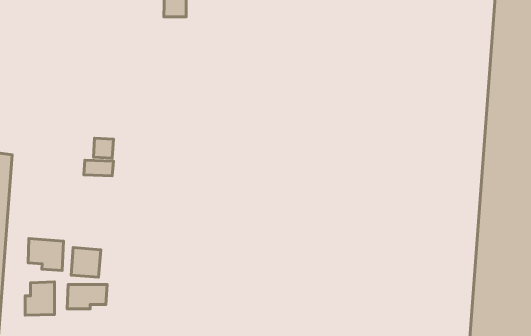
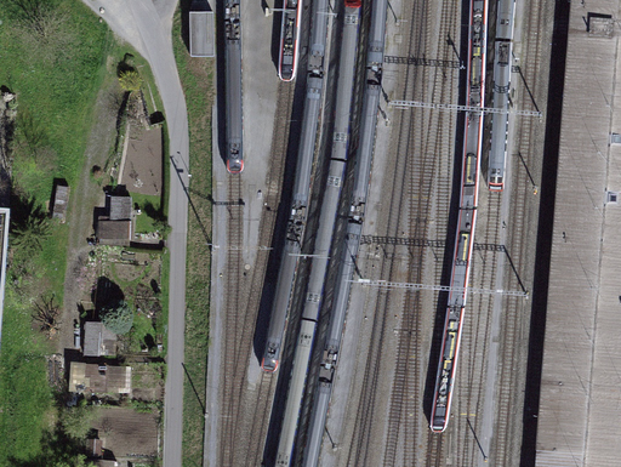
building: [28,239,64,271] -> none
building: [25,282,55,315] -> none

